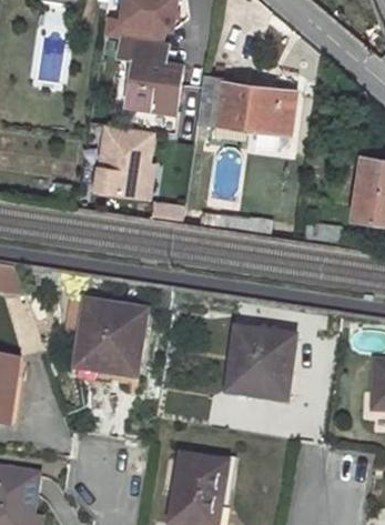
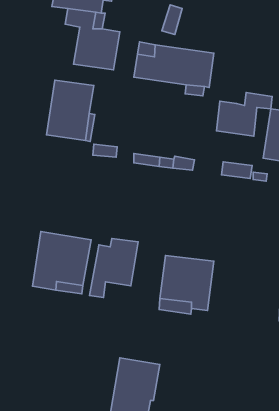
building: none -> [217,93,272,136]
building: none -> [89,238,138,297]

